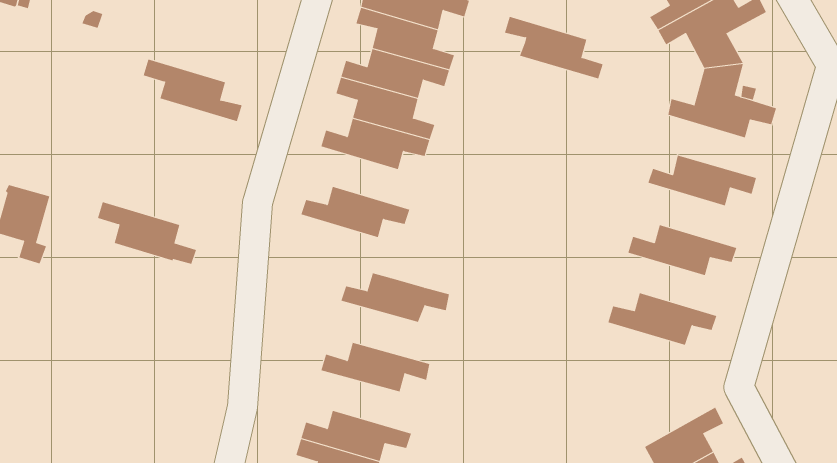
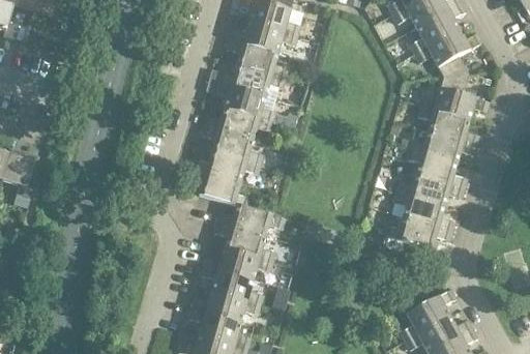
building: [504,16,604,79] -> [417,106,479,145]
building: [143,59,243,122] -> [201,125,263,165]
building: none -> [405,148,467,188]
building: [97,202,197,265] -> [188,168,251,207]
building: none -> [392,191,454,231]
building: none -> [213,222,275,261]
building: none -> [201,265,263,304]

